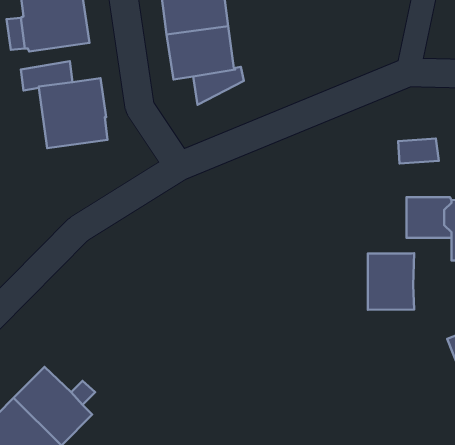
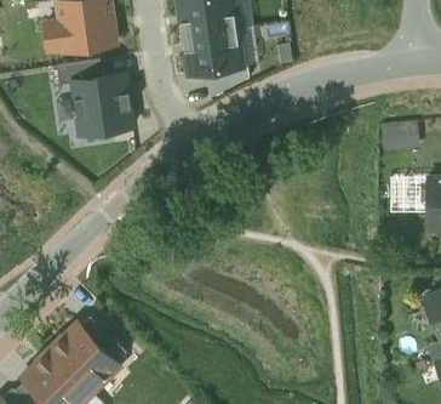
building: [368,253,414,310] -> none

